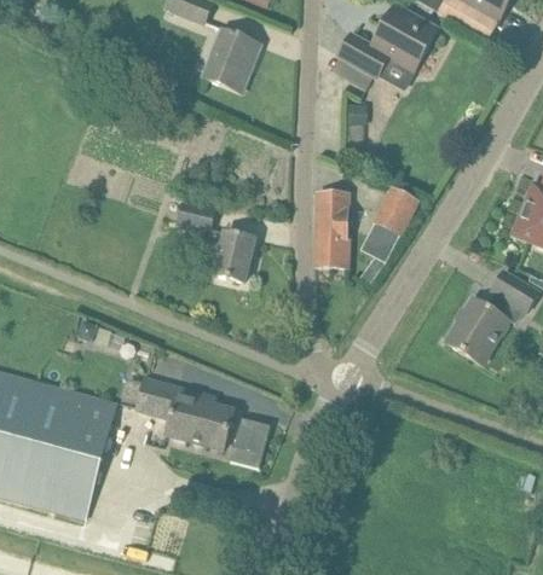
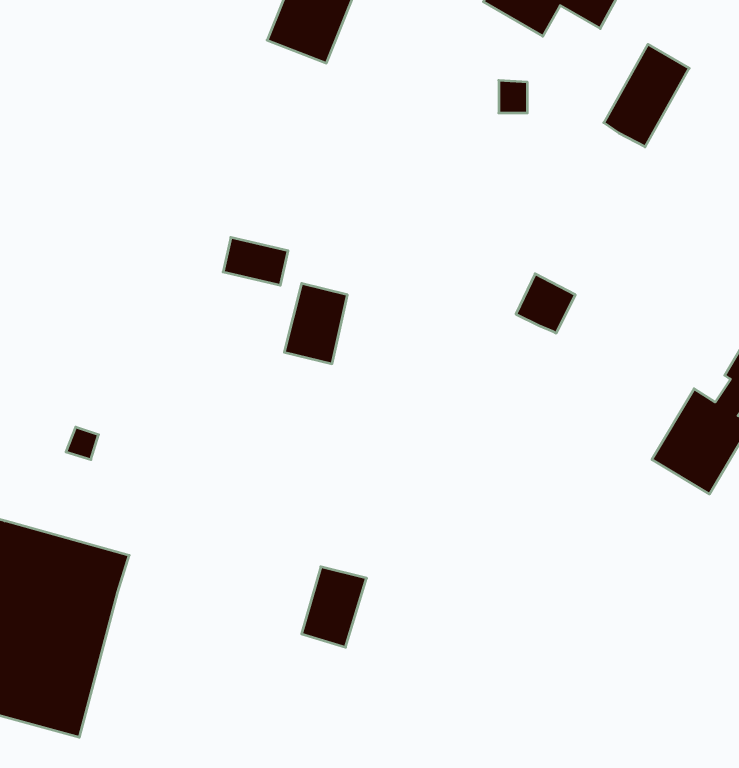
building: none -> [604,44,689,147]
building: [371,188,416,239] -> none
building: [314,192,348,267] -> none
building: [135,378,232,449] -> none

